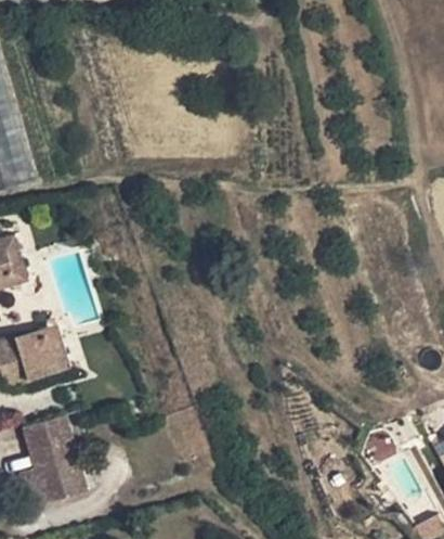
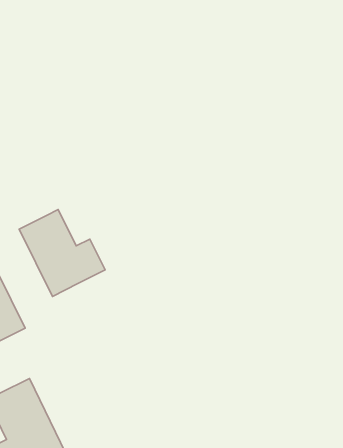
building: none -> [19,209,105,296]

